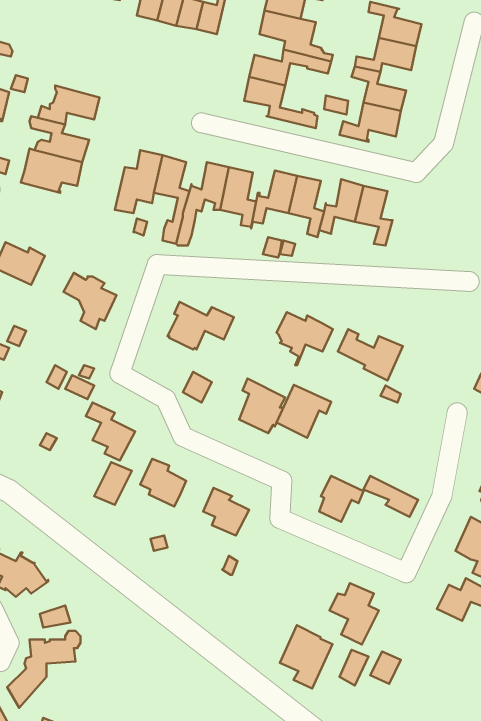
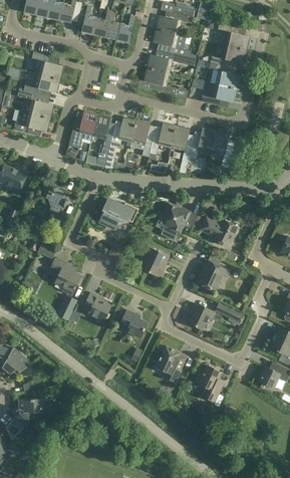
building: none -> [31,51,63,79]
building: [277,385,331,438] -> [197,260,229,291]
building: [280,625,333,688] -> [156,345,187,383]

